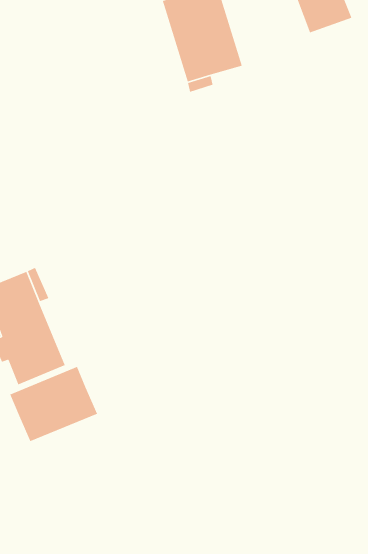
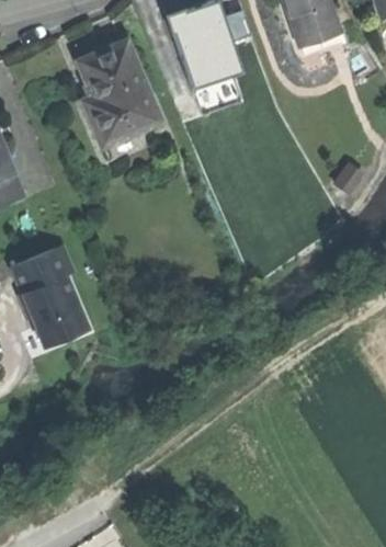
building: none -> [78,41,161,145]
building: [9,366,98,442] -> none

